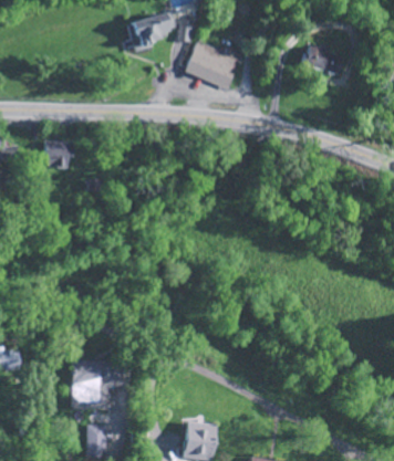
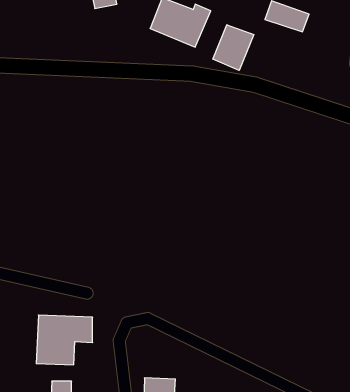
building: none -> [213,25,254,70]
building: [44,140,79,166] -> none

